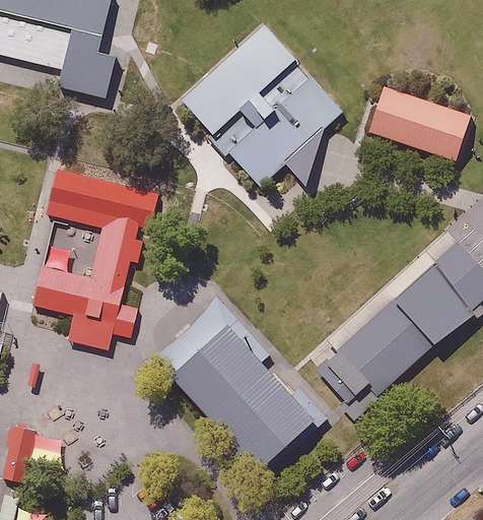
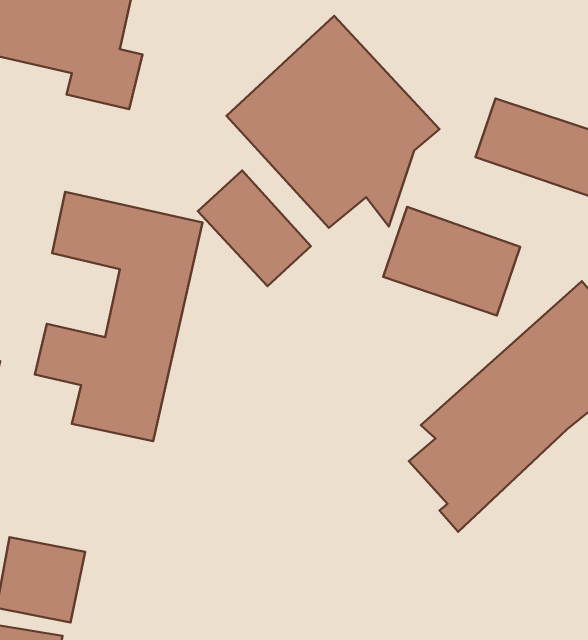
building: none -> [198,170,311,286]
building: none -> [383,207,520,316]
building: [157,297,327,464] -> none

